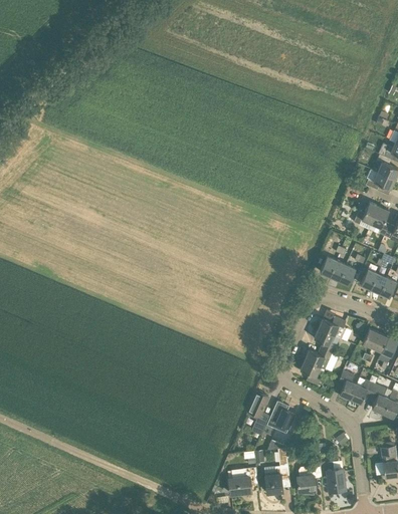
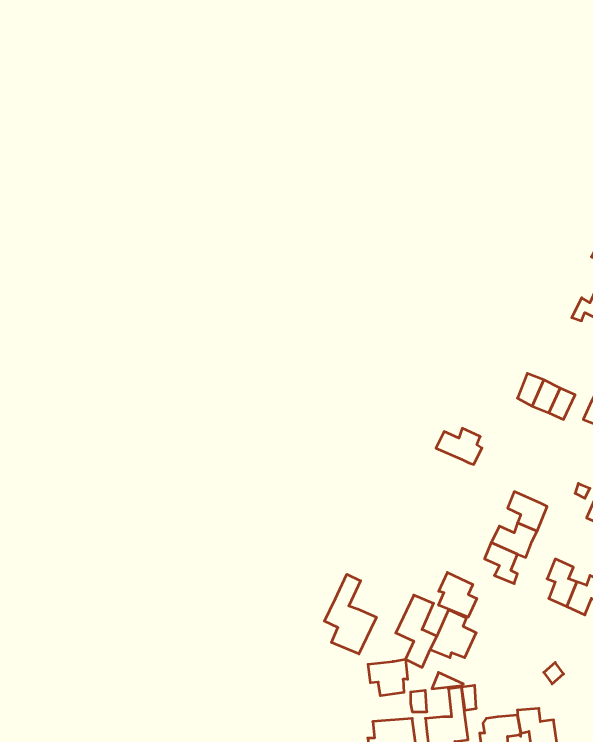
building: [318,317,346,339] -> [436,428,482,464]
building: none -> [439,572,477,617]
building: none -> [324,574,376,654]
building: none -> [368,659,408,696]

